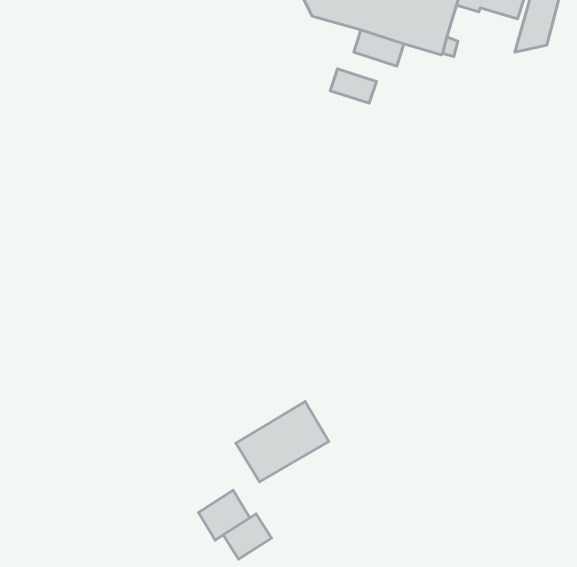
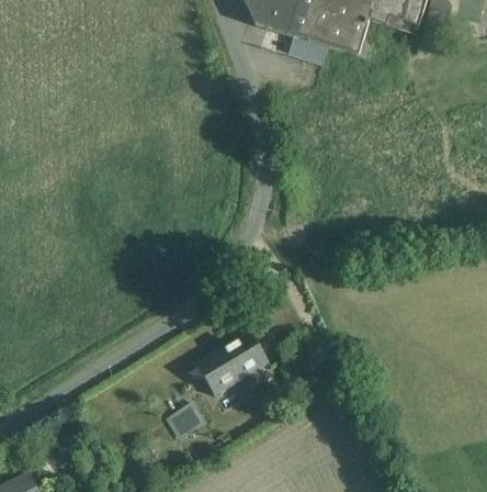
building: [330,69,376,103] -> none
building: [223,514,272,559] -> none

